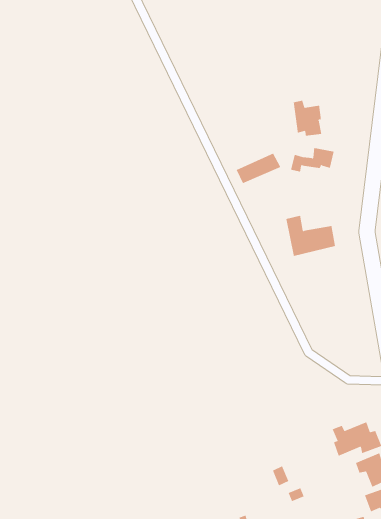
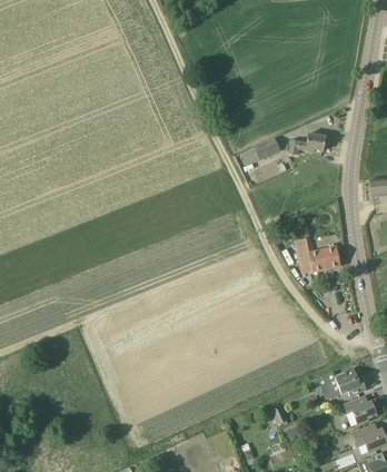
building: [293,100,322,136] -> none
building: [285,215,336,257] -> [296,238,339,274]

